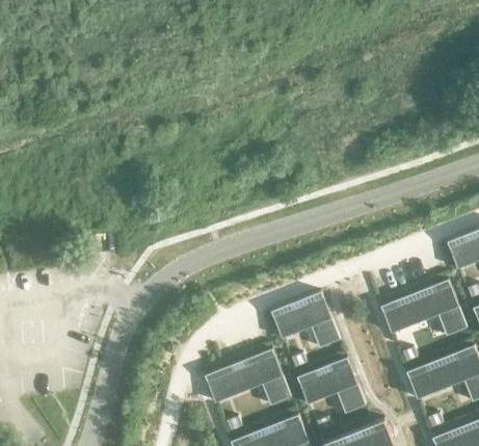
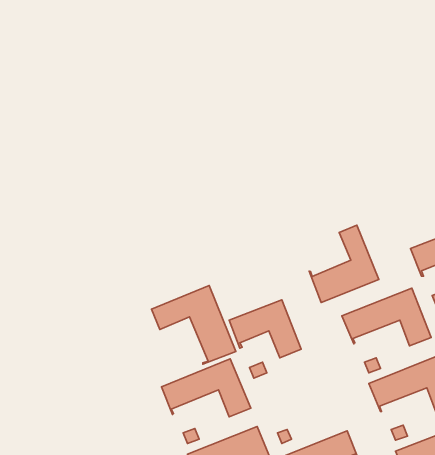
building: none -> [309,225,379,302]
building: none -> [152,286,236,364]
building: [297,358,367,414] -> none

